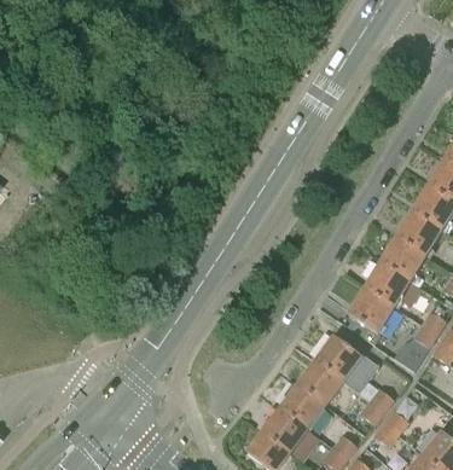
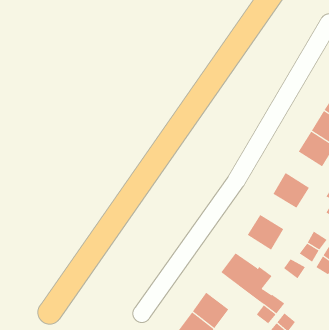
building: [395,211,441,256] -> none
building: [364,263,410,307] -> none
building: [297,360,344,406] -> none

